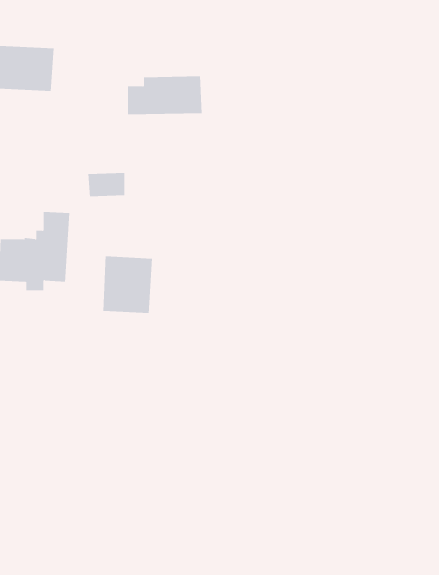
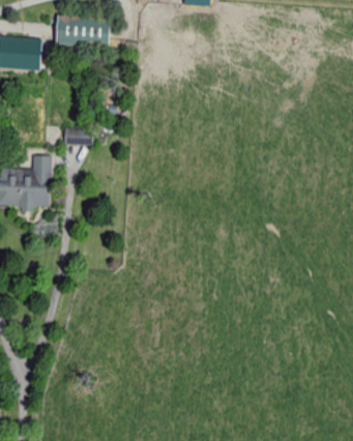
building: [127,76,202,115] -> [54,18,108,46]
building: [103,256,152,314] -> none

